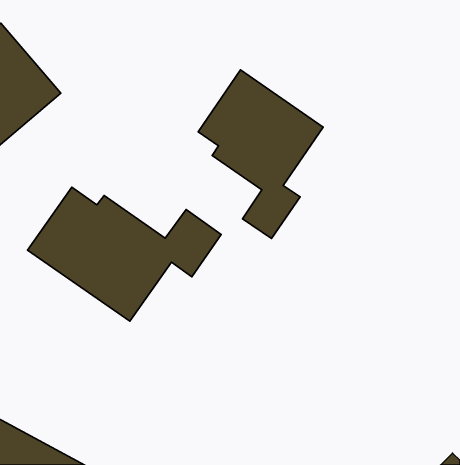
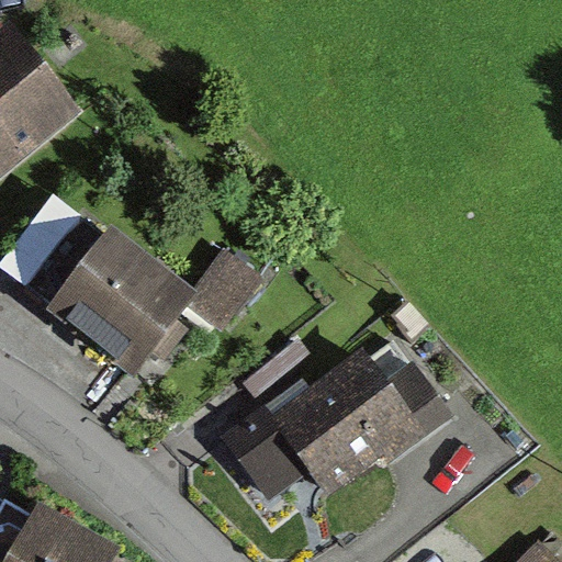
building: [198,70,323,238] -> none
building: none -> [224,356,448,502]

